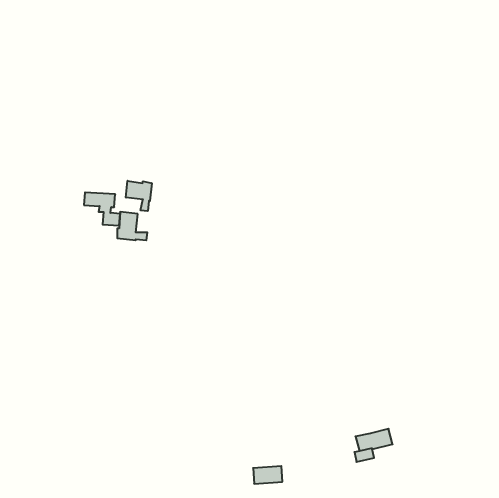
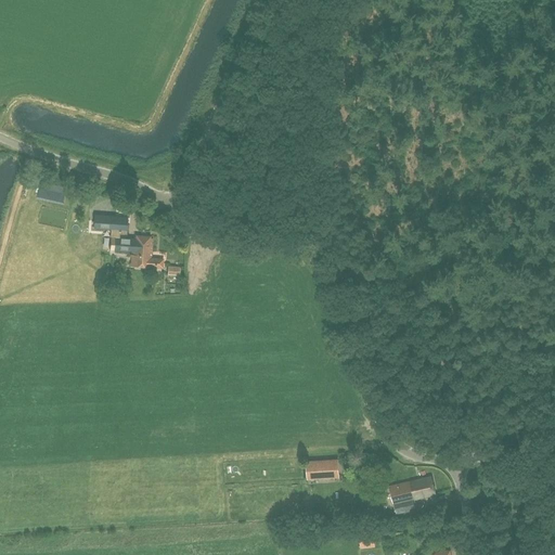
building: [126,181,152,211] -> none
building: [253,466,282,484] -> [306,459,338,478]

